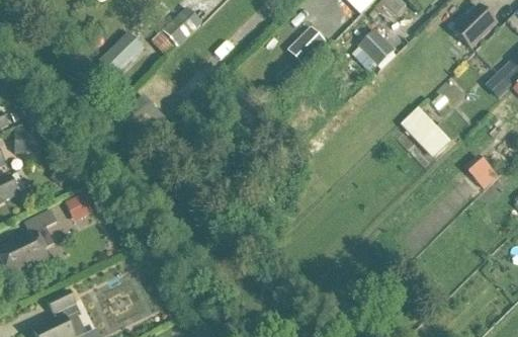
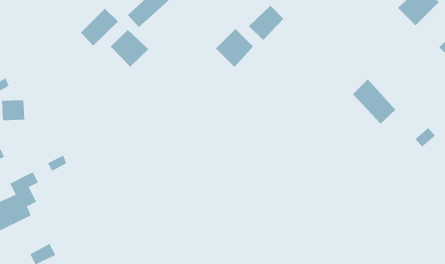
building: [354,29,396,70] -> none
building: none -> [215,28,254,68]
building: none -> [110,29,149,68]

